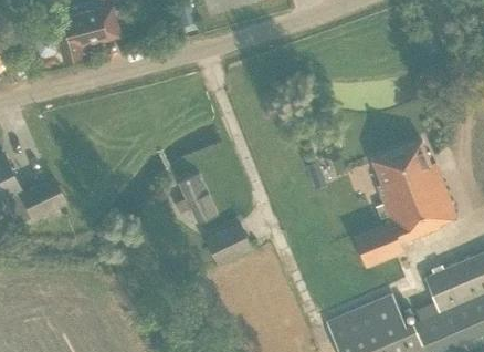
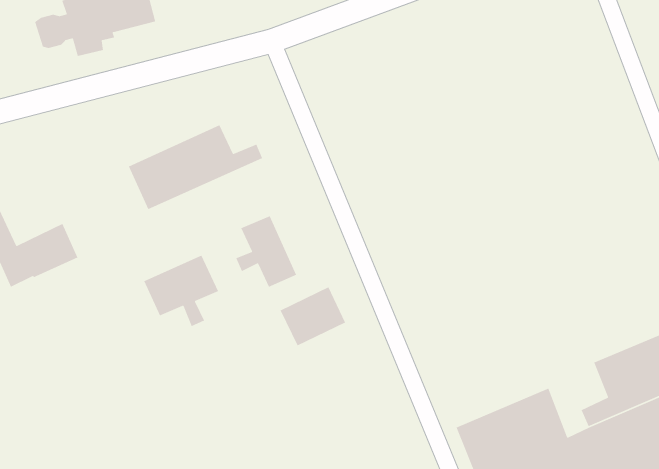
building: none -> [128,124,263,210]
building: [353,139,457,267] -> none
building: none -> [143,255,219,327]

